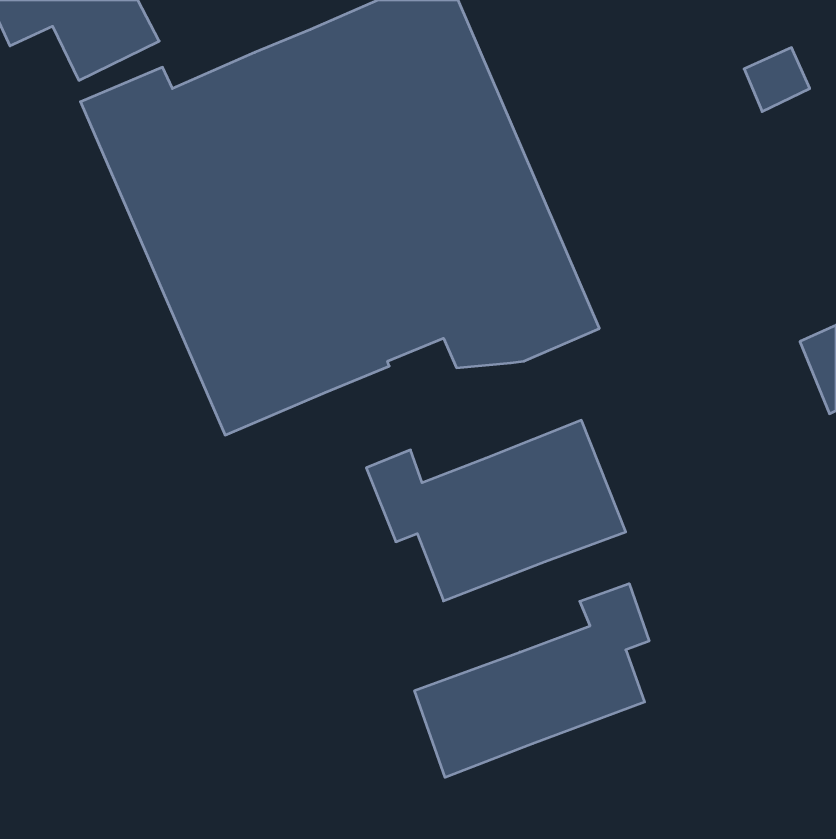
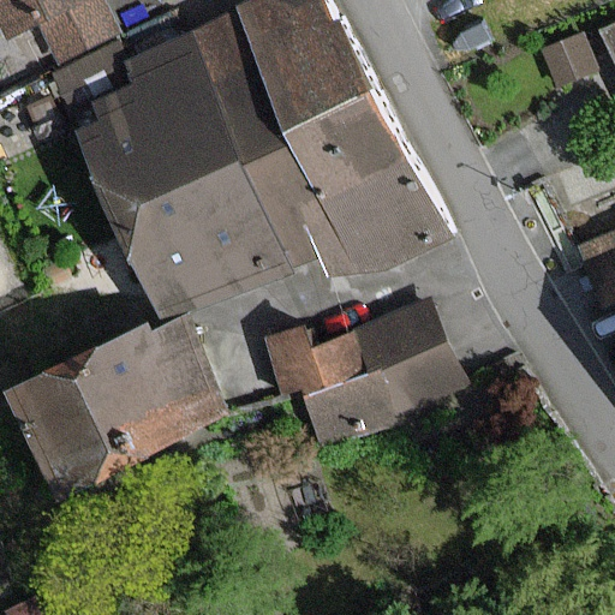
building: none -> [11,323,223,492]
building: [415,584,649,777] -> none

